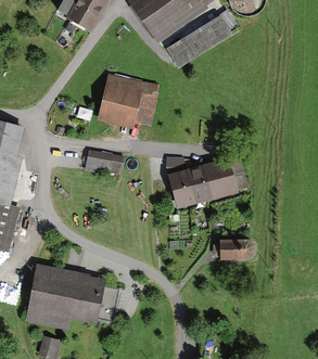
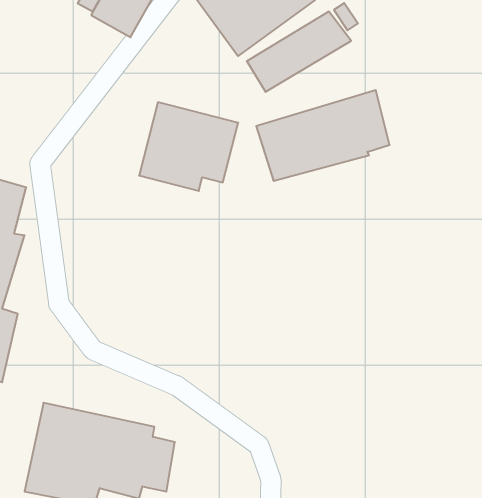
building: [86,151,127,179] -> none
building: [166,151,251,208] -> [256,90,390,181]
building: [213,240,254,261] -> none

